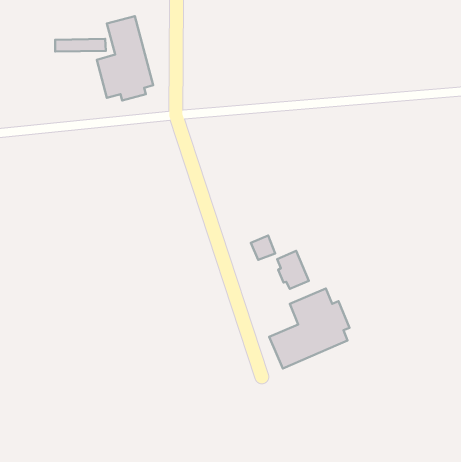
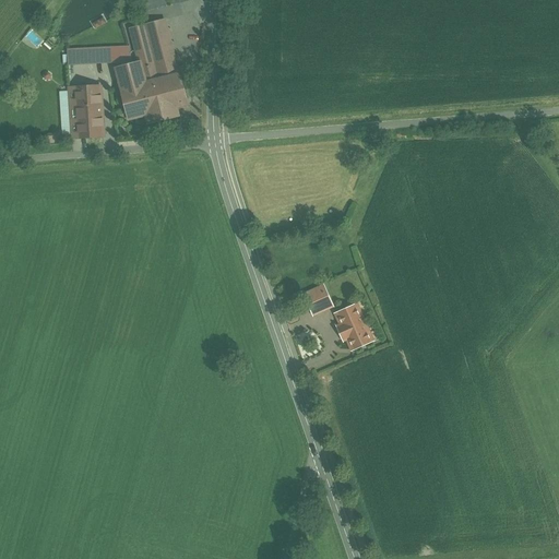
building: none -> [68,86,103,136]
building: [269,288,350,368] -> none

